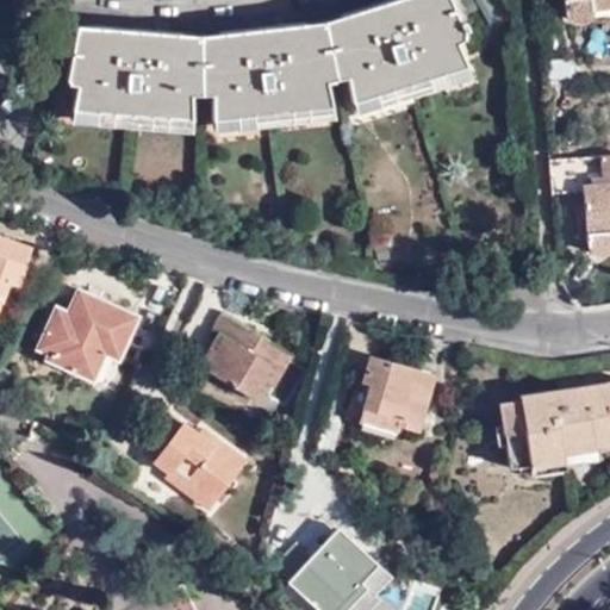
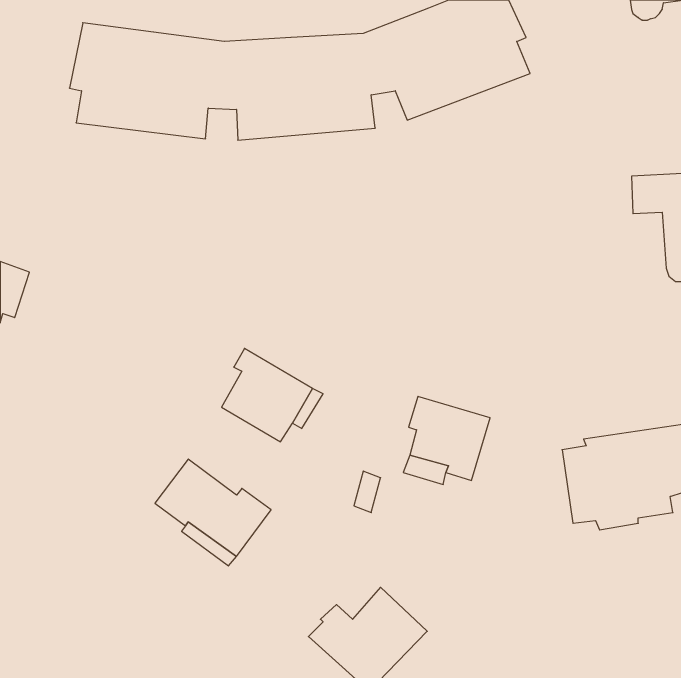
building: [35,287,136,379] -> none

